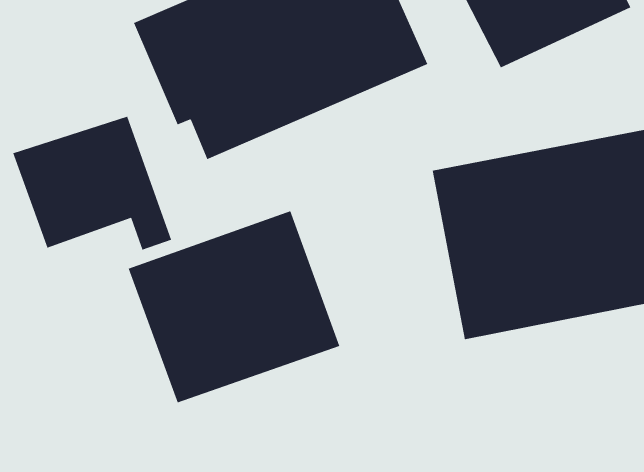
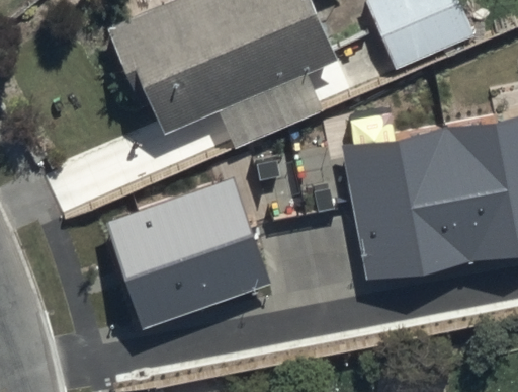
building: [12,116,172,250] -> none

